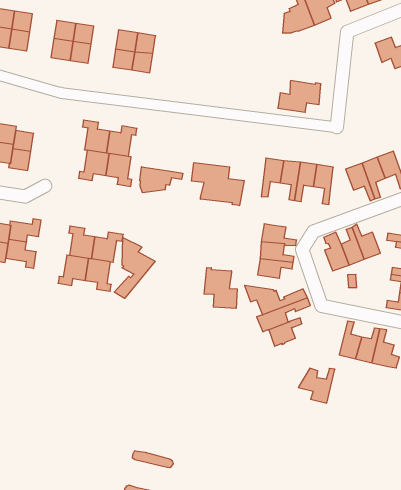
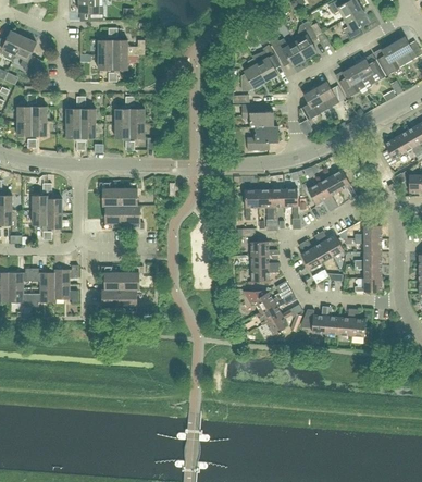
building: none -> [301,88,326,121]
building: none -> [241,104,273,128]
building: [192,163,244,206] -> none
building: [140,167,183,193] -> none
building: [114,238,155,298] -> none
building: [204,268,237,308] -> none
building: [298,368,335,403] -> [300,307,326,334]

